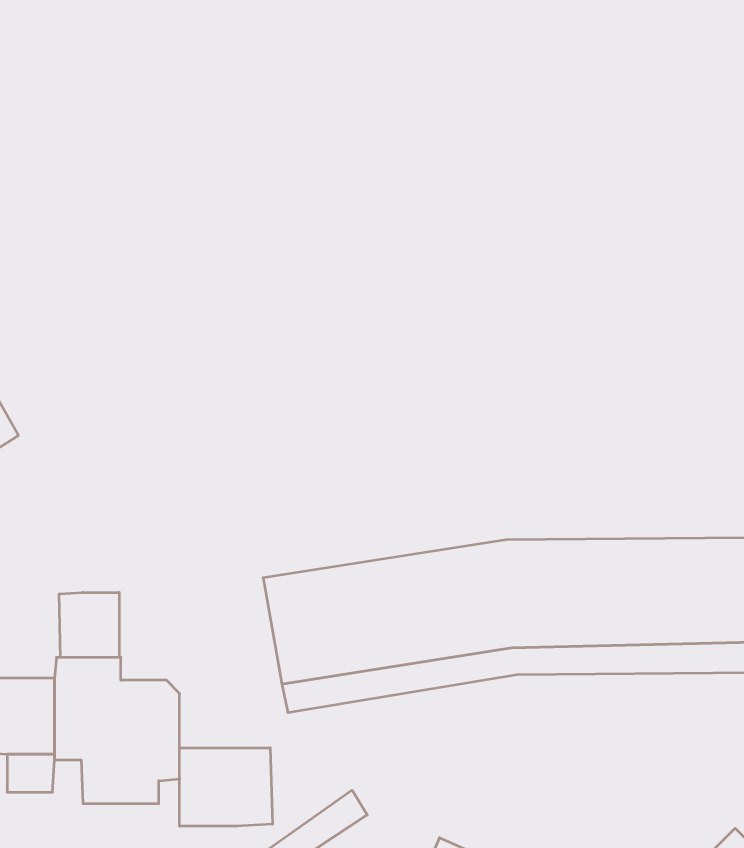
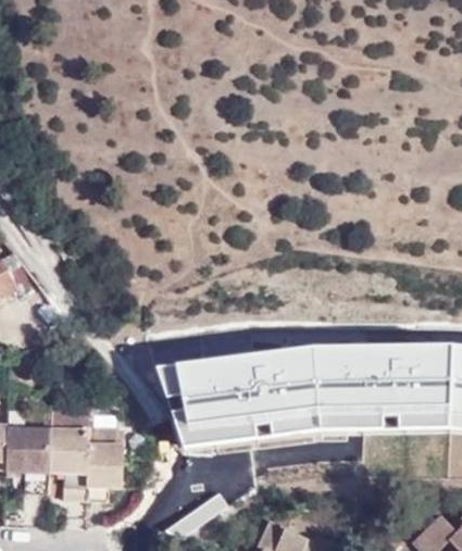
building: [59,592,119,657] -> none
building: [180,748,272,826] -> none

